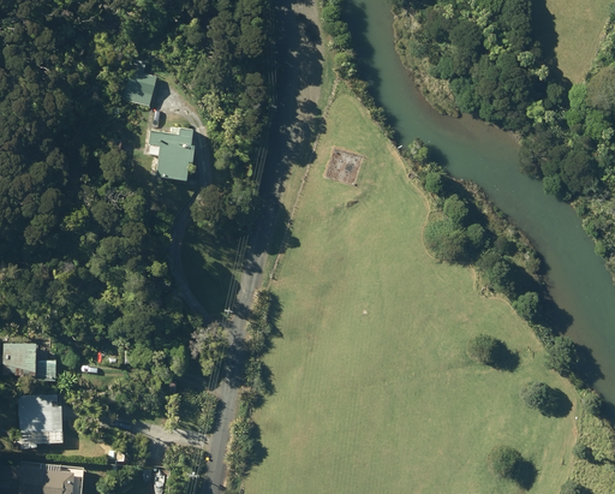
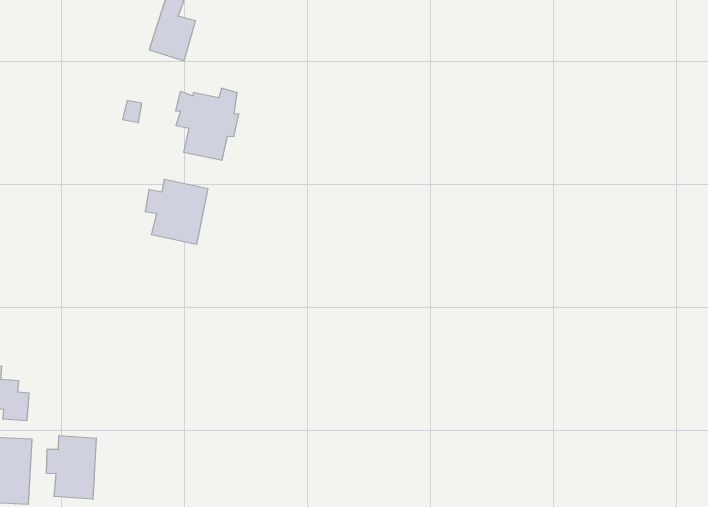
building: none -> [145,179,208,244]
building: none -> [47,436,96,499]

